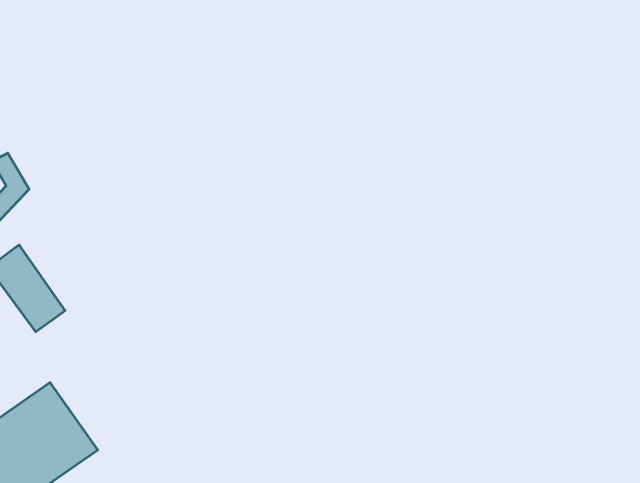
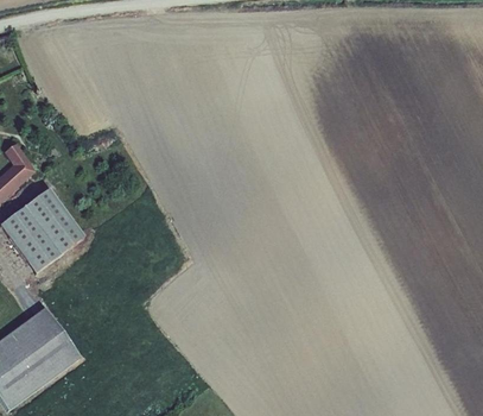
building: none -> [24,190,84,257]

